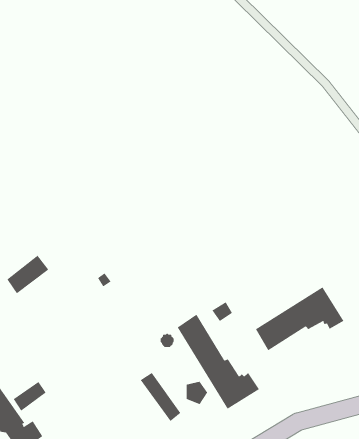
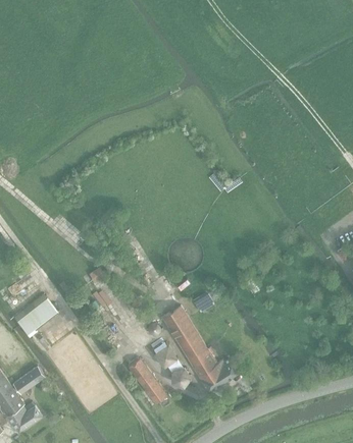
building: [6,255,49,294] -> [16,297,55,333]
building: [255,287,344,351] -> none

